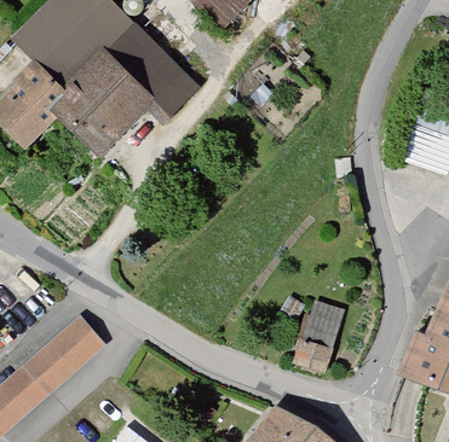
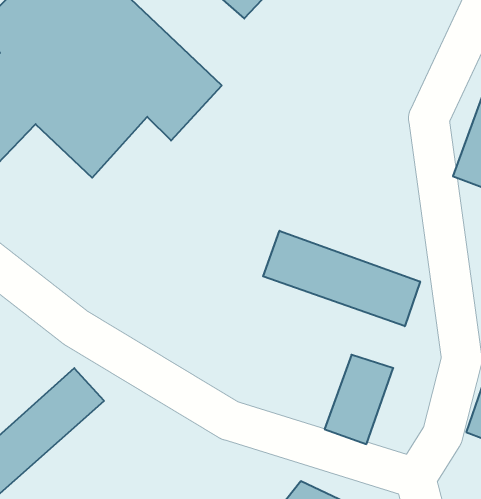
building: none -> [263,231,420,326]

